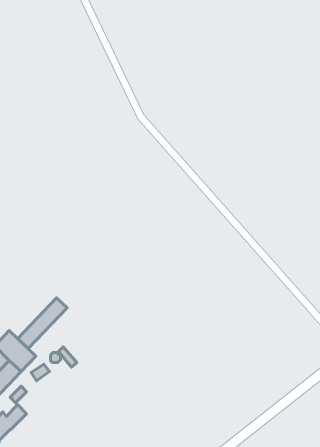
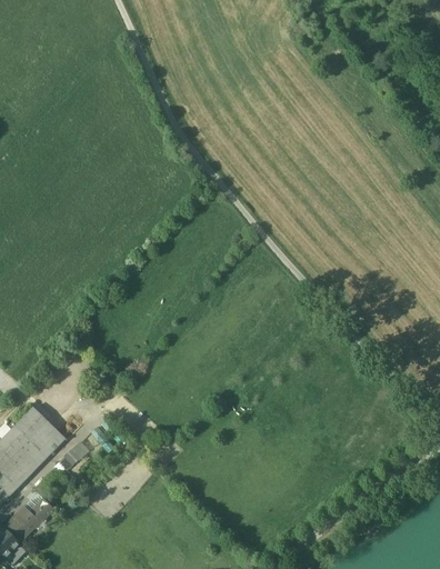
building: [18,298,67,349] -> none

